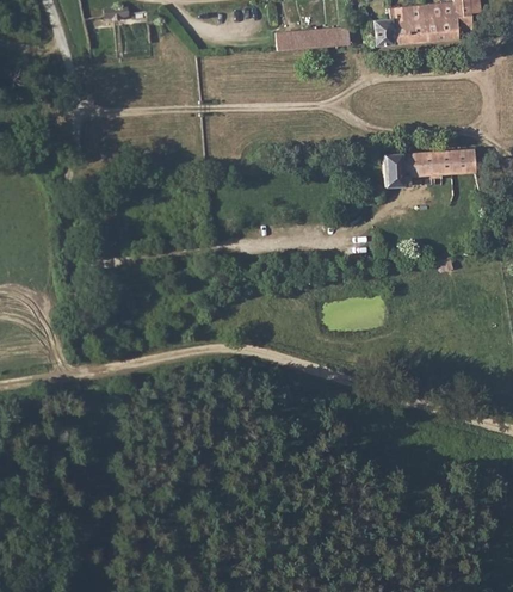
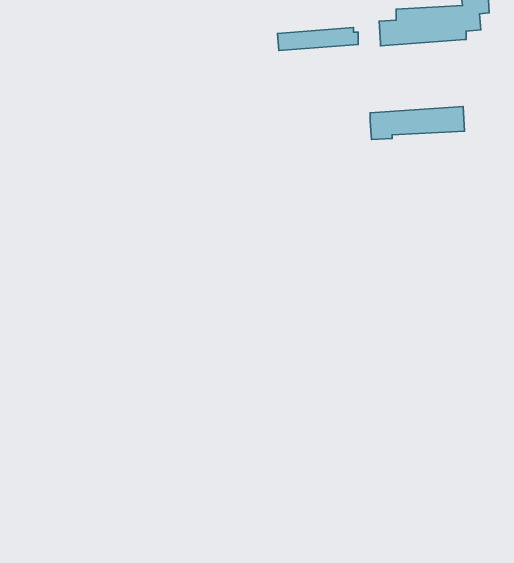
building: [384,149,476,181] -> [370,107,464,140]

